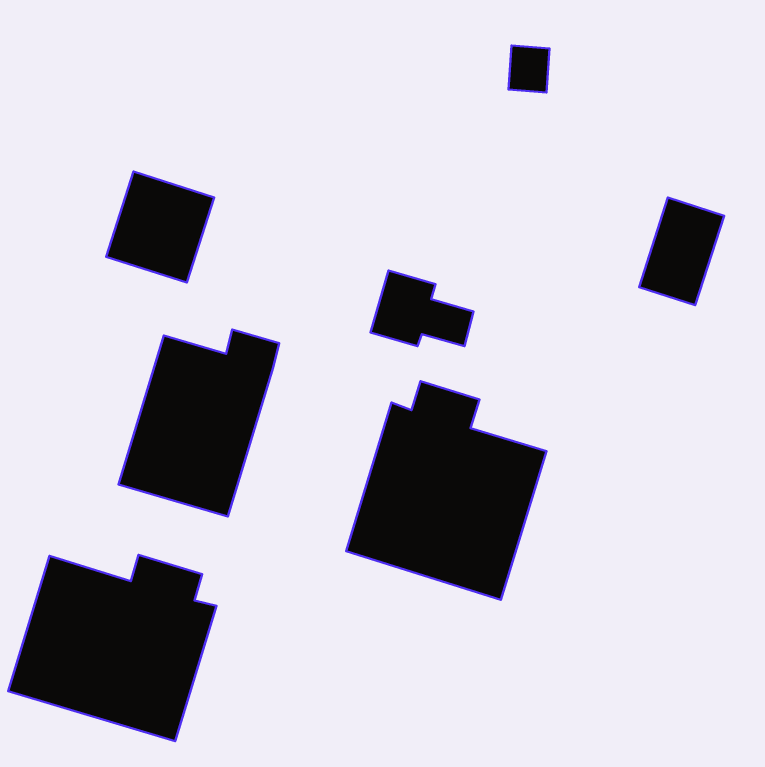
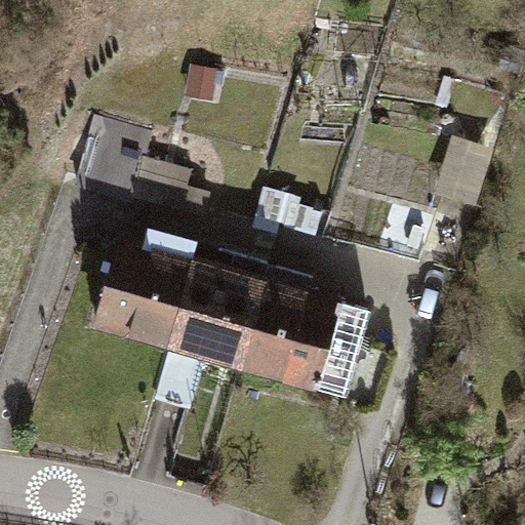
building: none -> [161,238,272,372]
building: [8,555,216,741] -> none

